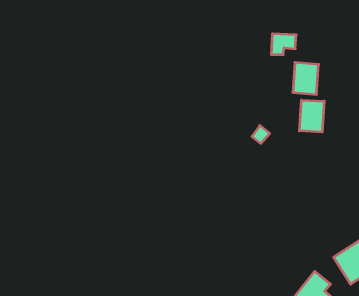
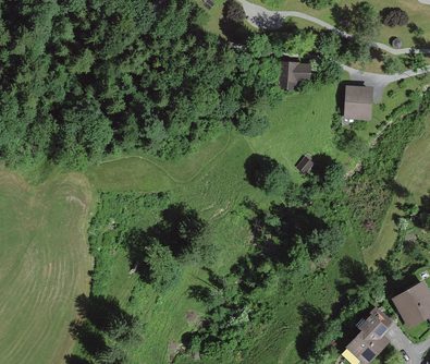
building: [271,34,296,55] -> [285,64,312,87]
building: [299,100,324,132] -> none

